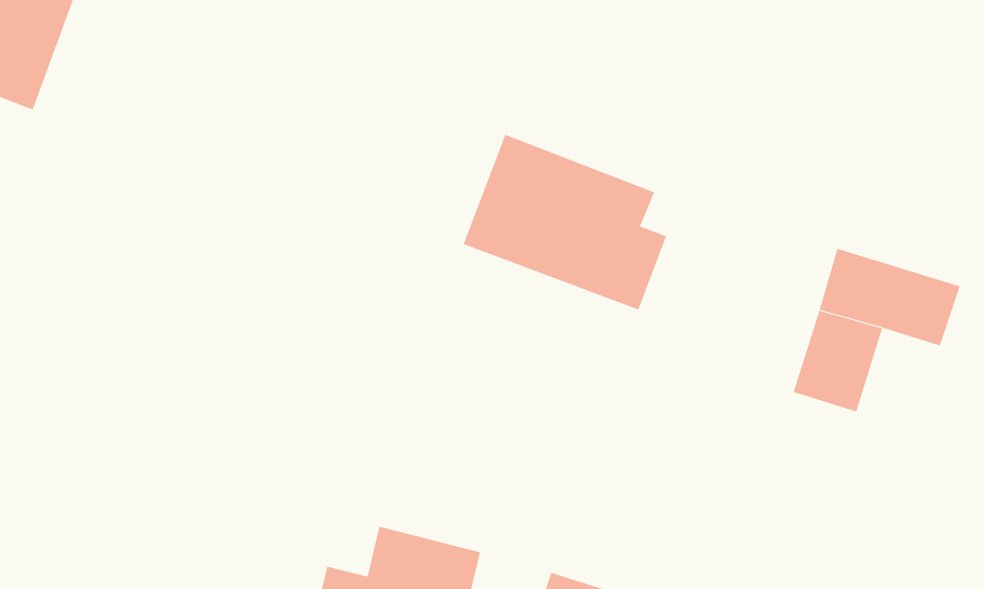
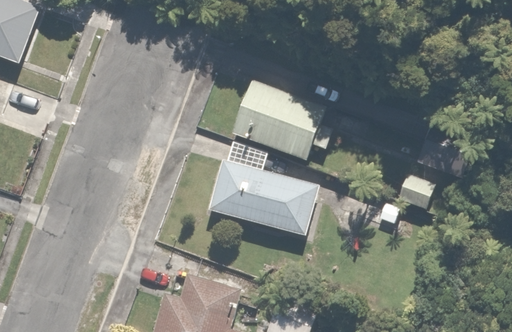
building: none -> [208,146,317,236]

